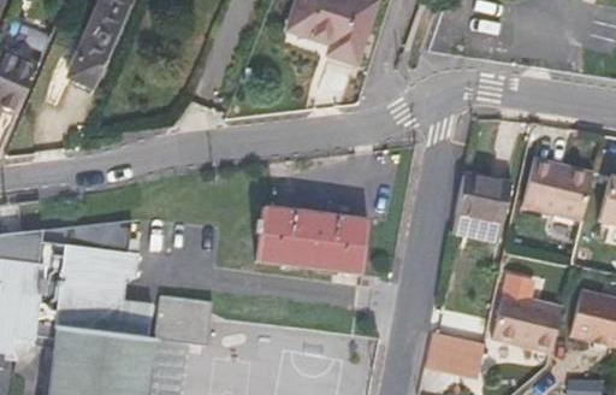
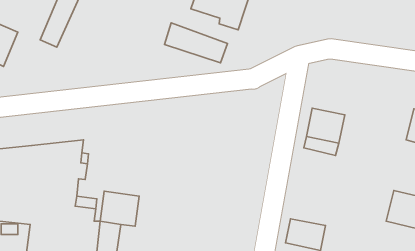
building: none -> [165,23,227,63]
building: [523,161,593,222] -> none
building: [257,205,367,272] -> none
building: [494,295,563,353] -> none

